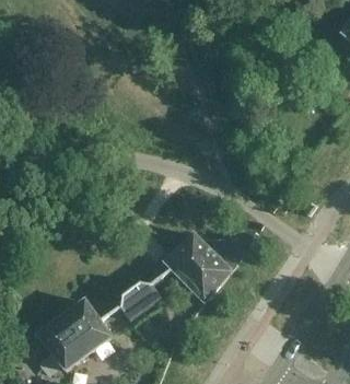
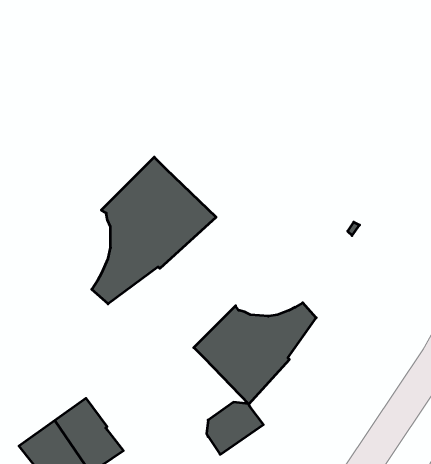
building: none -> [92,157,216,304]
building: [119,282,161,321] -> [207,402,263,454]

